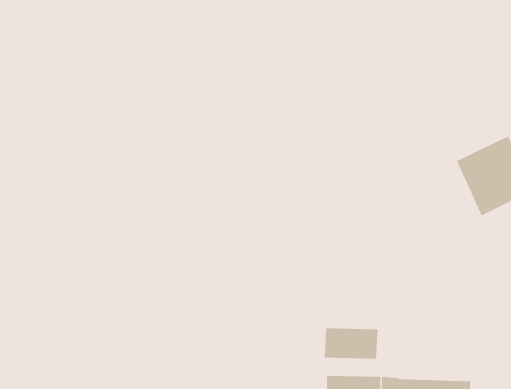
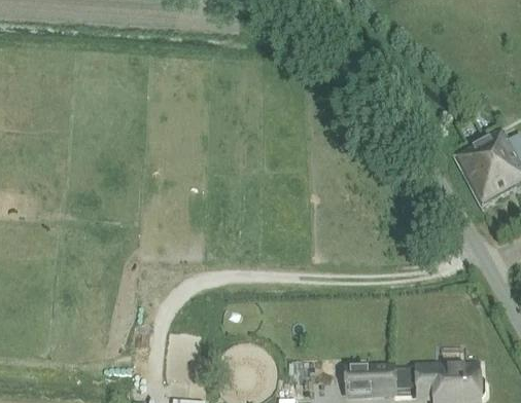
building: [324,328,378,359] -> none

